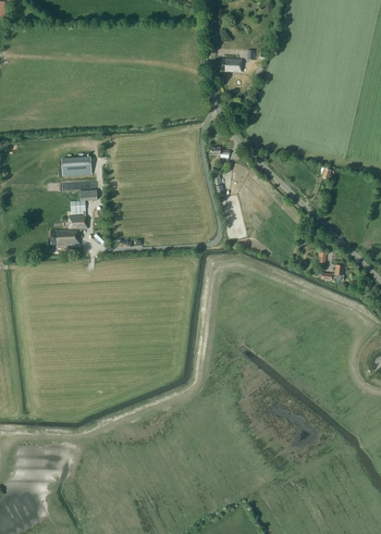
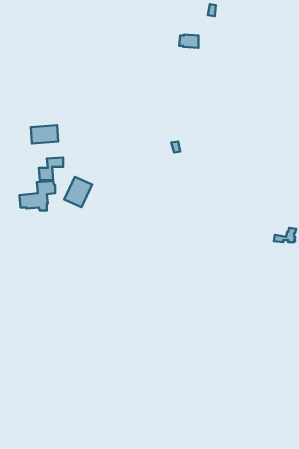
building: none -> [64,177,92,207]

